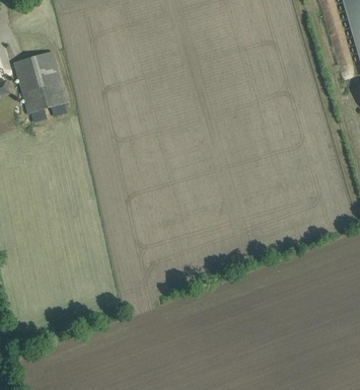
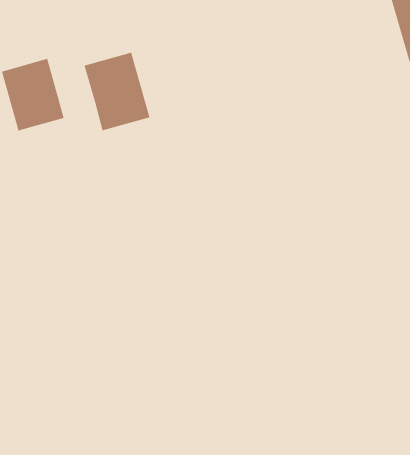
building: none -> [84,52,150,131]

